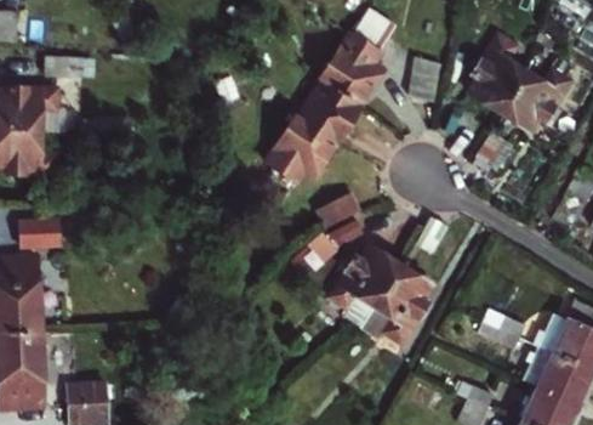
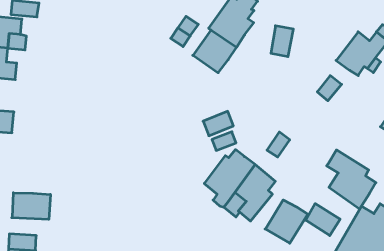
building: [466,28,524,106] -> none
building: [267,118,336,183] -> none
building: none -> [327,150,376,209]
building: none -> [265,200,308,243]
building: none -> [12,193,50,219]

